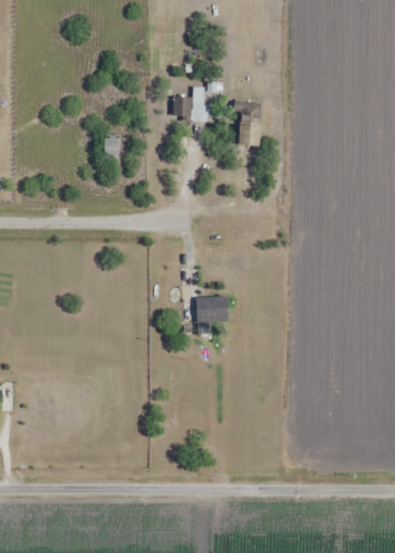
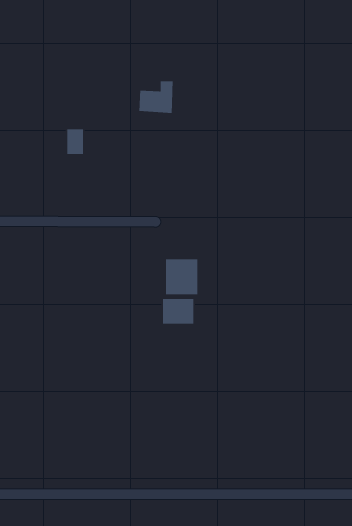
building: [233,101,260,148] -> none
building: none -> [165,259,198,295]

